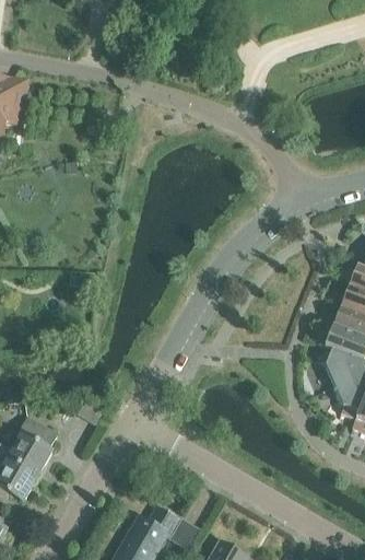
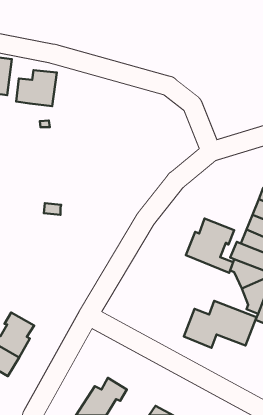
building: none -> [16,70,57,106]
building: none -> [186,218,234,273]
building: none -> [184,301,257,348]

